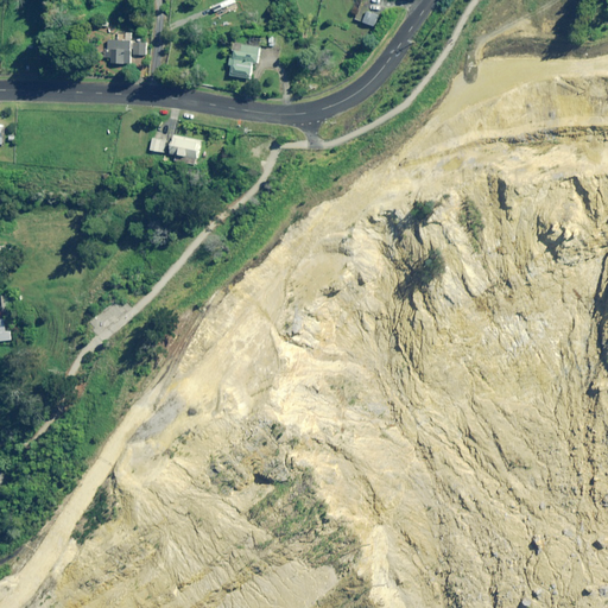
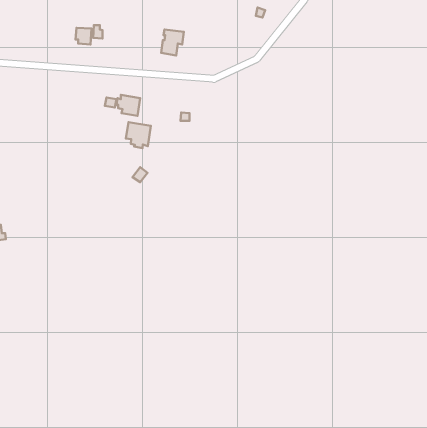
building: none -> [126,122,151,148]

